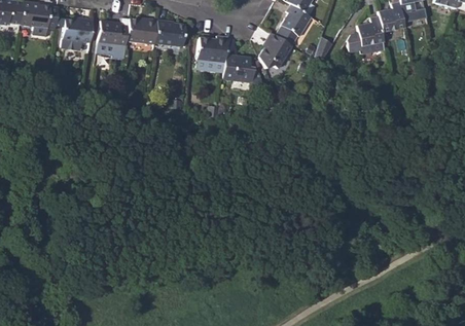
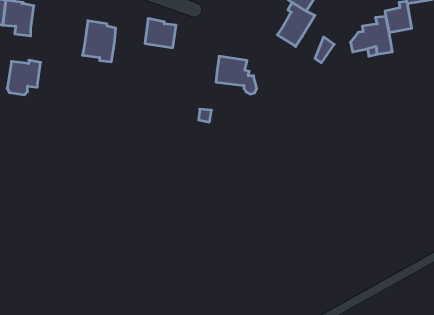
building: [123,17,155,44] -> none
building: [57,19,88,51] -> [7,60,41,95]
building: [259,32,295,69] -> none
building: [194,37,225,71] -> none

